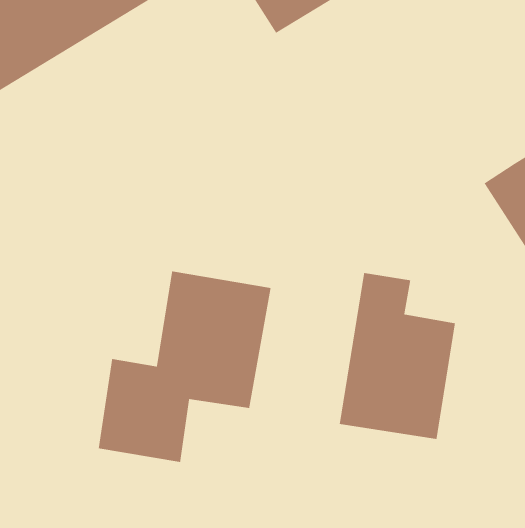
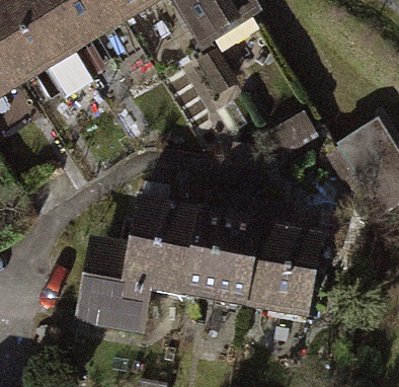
building: none -> [183,202,258,306]

